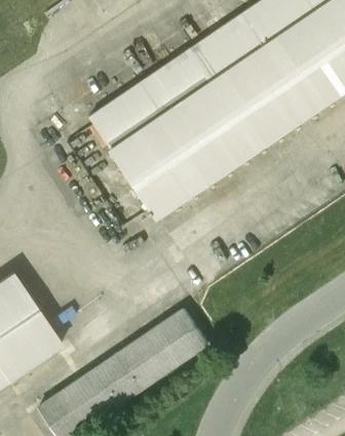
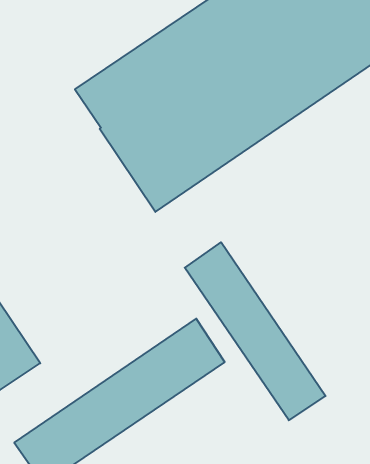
building: none -> [185,242,326,420]

